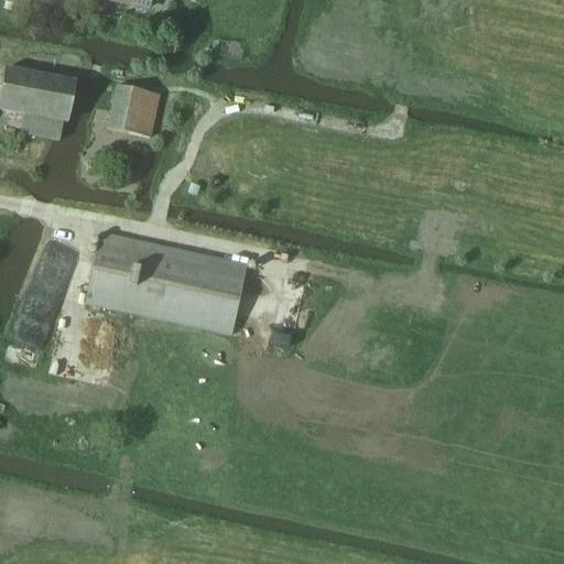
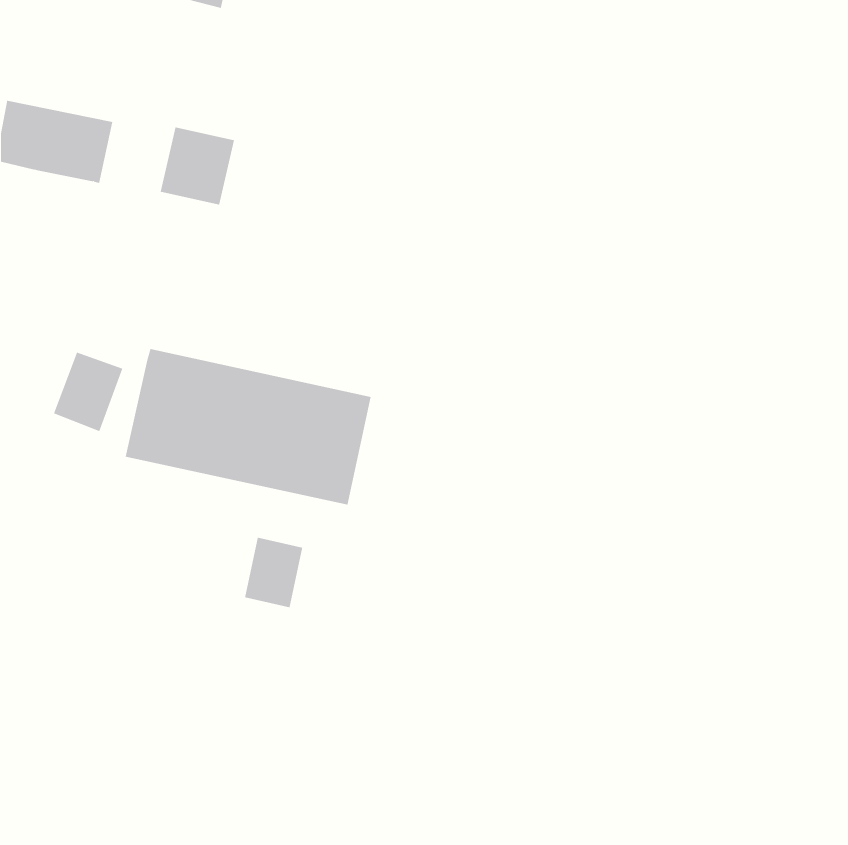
building: [22,112,64,140] -> none
building: none -> [244,537,303,608]

